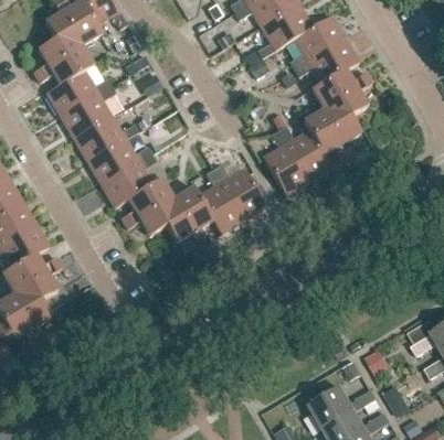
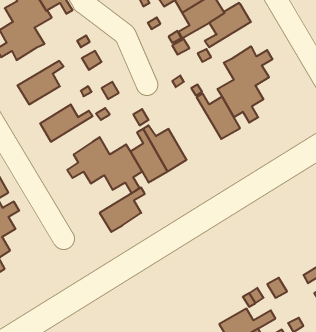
building: [294,37,359,83] -> none
building: [45,68,110,115] -> none
building: [74,116,138,161] -> none
building: [263,129,308,194] -> none
building: [101,152,156,206] -> [100,188,145,232]

